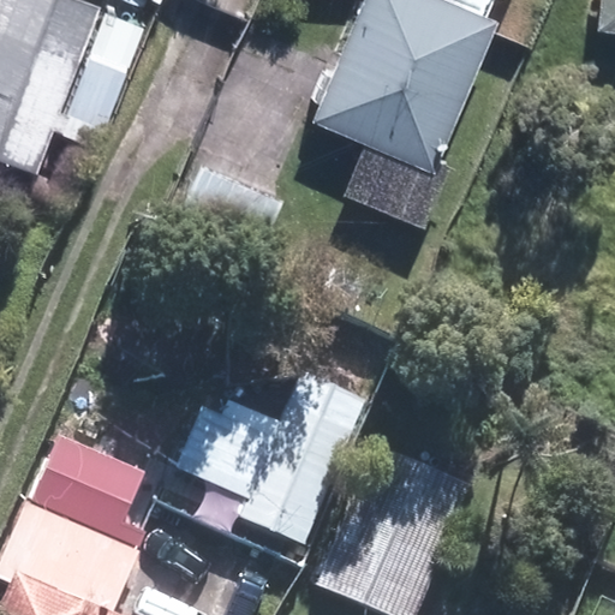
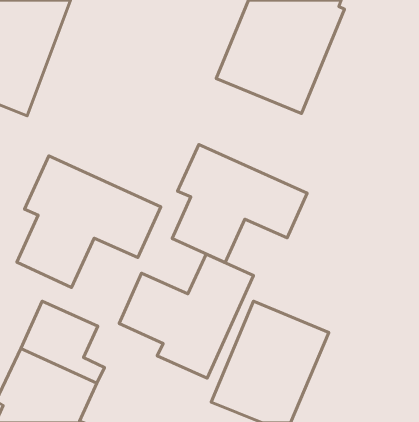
building: none -> [172,144,307,263]
building: none -> [17,156,161,287]

